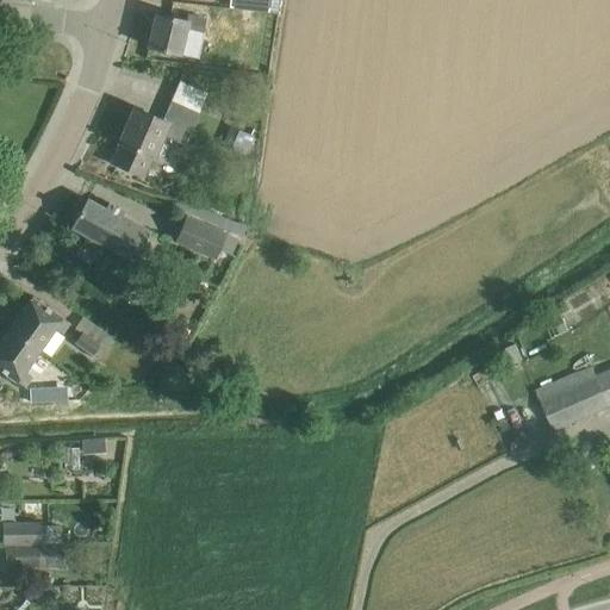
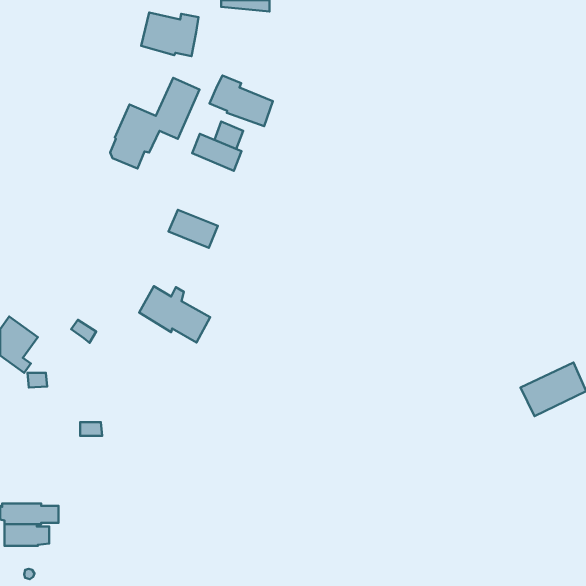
building: none -> [210,75,273,126]
building: none -> [192,134,242,171]
building: [71,199,145,257] -> [139,286,210,342]
building: [10,297,68,350] -> none

